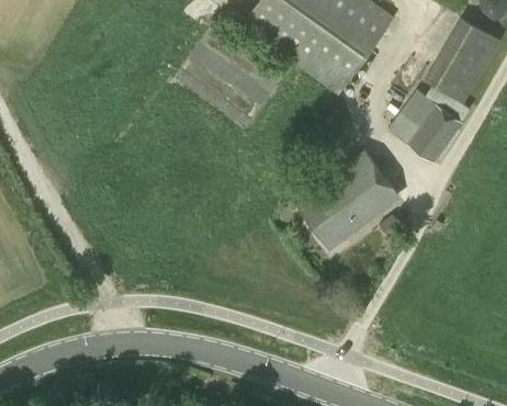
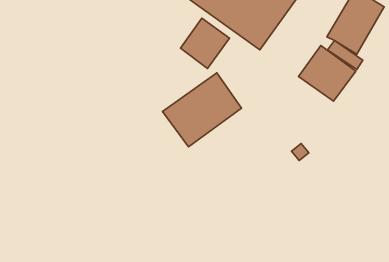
building: none -> [180,18,230,69]
building: [297,150,398,245] -> [163,73,242,147]

